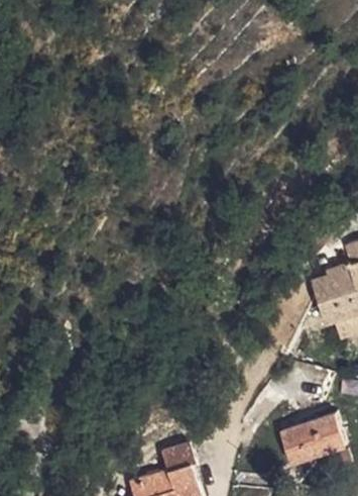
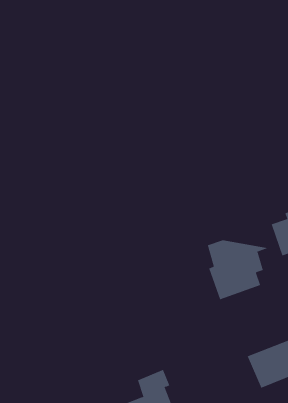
building: none -> [207,240,270,300]

